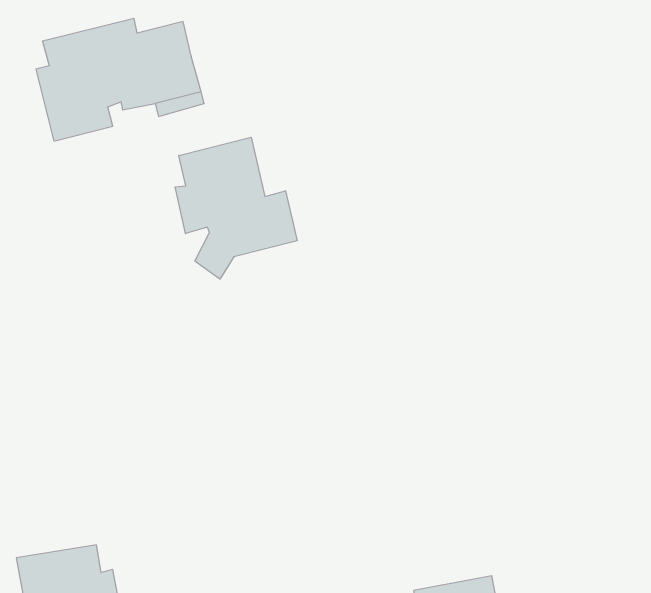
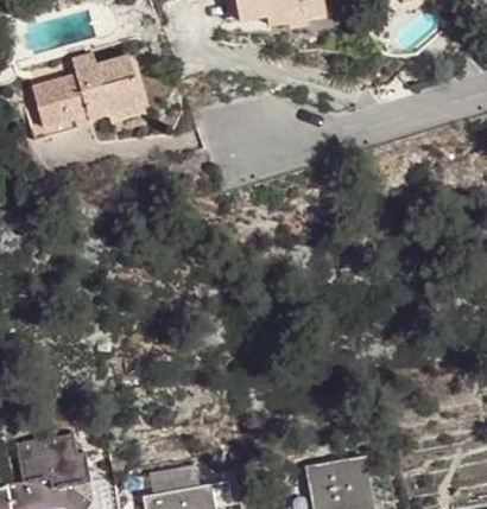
building: [175,137,297,279] -> none

